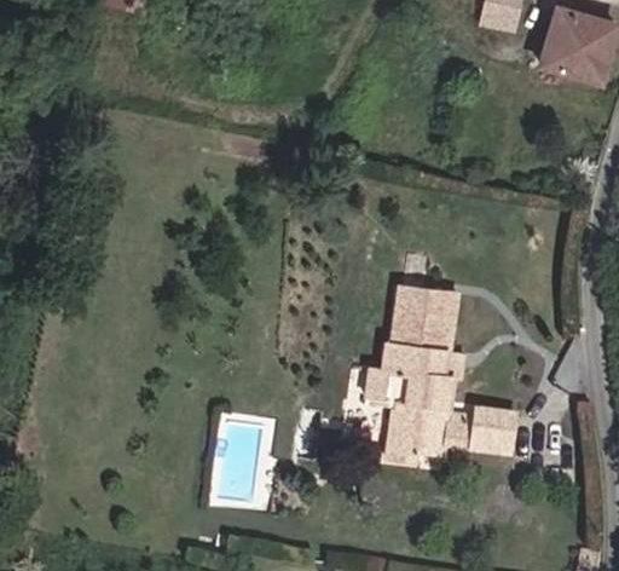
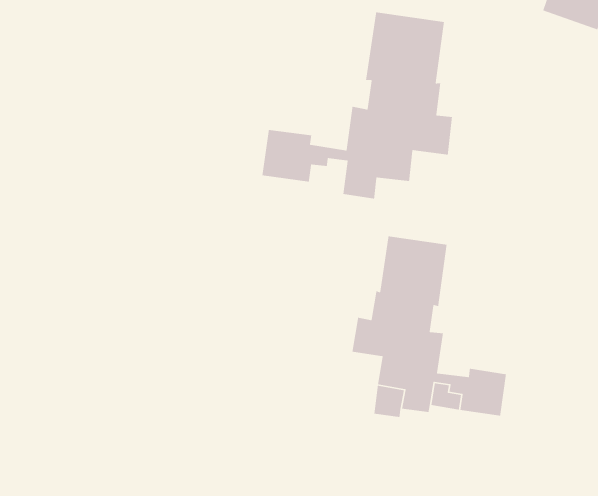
building: none -> [261,11,453,200]

